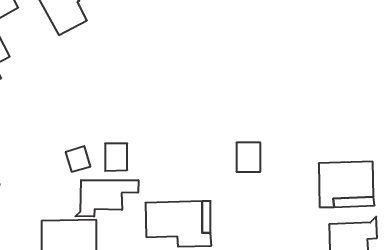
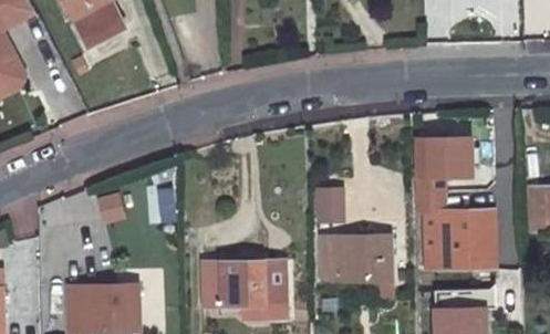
building: none -> [414,138,470,192]
building: [75,180,138,217] -> none
building: none -> [321,234,393,281]

